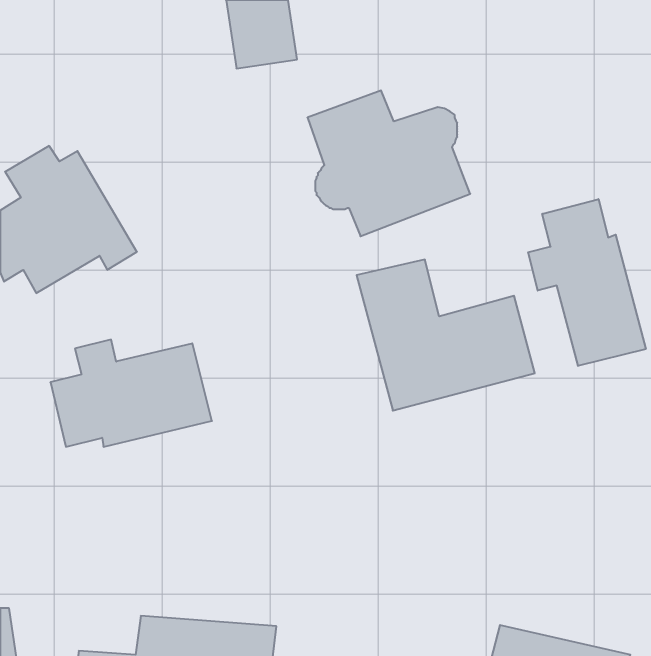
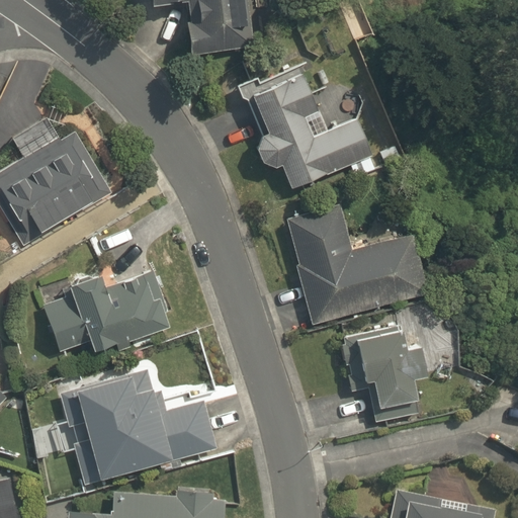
building: [528,199,646,366] -> none
building: none -> [344,328,430,406]
building: none -> [46,362,217,494]

